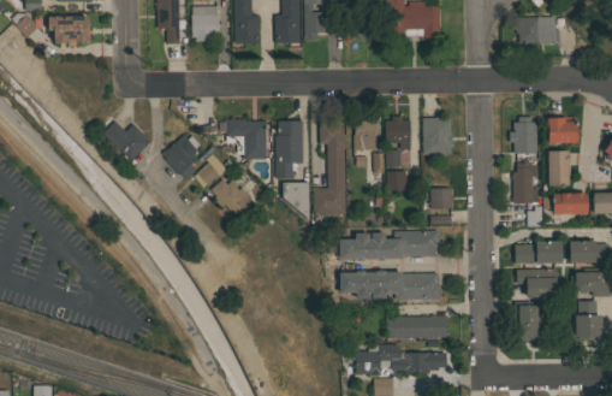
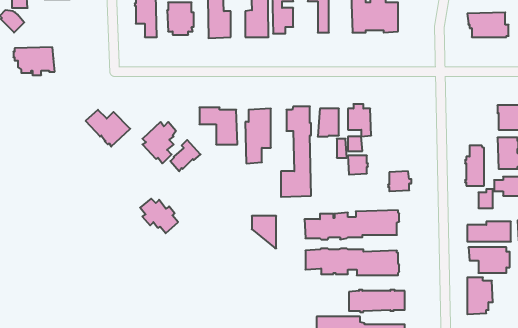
building: [46,17,90,47] -> [13,47,55,75]
building: [423,117,453,155] -> none
building: [510,117,537,154] -> none
building: [212,179,252,217] -> [140,199,178,233]
building: [283,183,309,218] -> [252,216,276,248]

